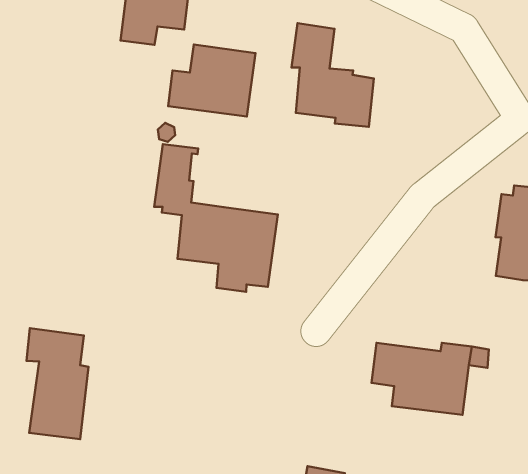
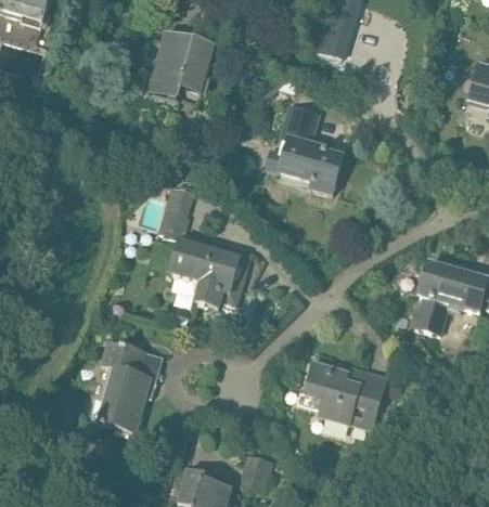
building: [168,45,256,117] -> none
building: [27,328,89,439] -> [95,339,150,431]

